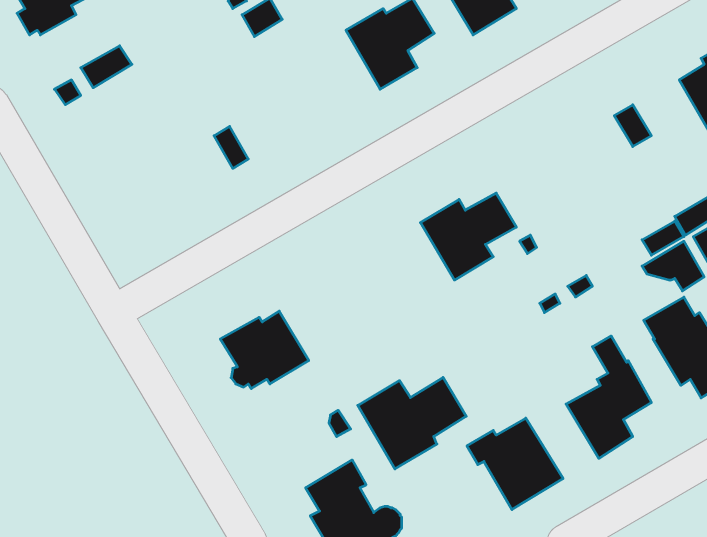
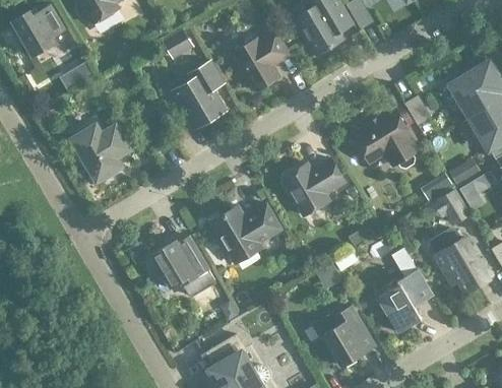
building: none -> [175,62,224,127]
building: none -> [352,111,416,168]
building: none -> [72,125,129,182]
building: [358,377,466,469] -> [210,204,281,264]

